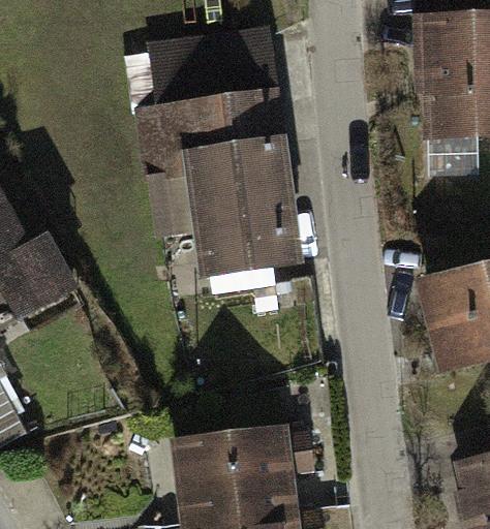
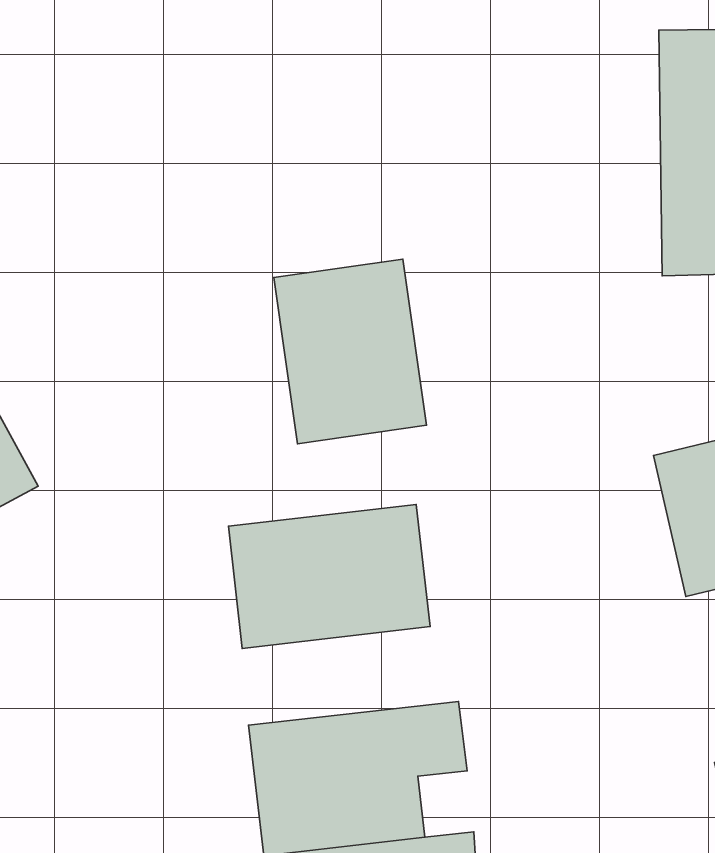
building: [146,40,275,177] -> none
building: none -> [228,505,430,648]

